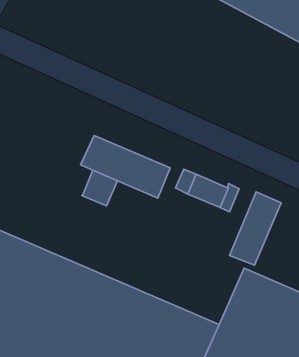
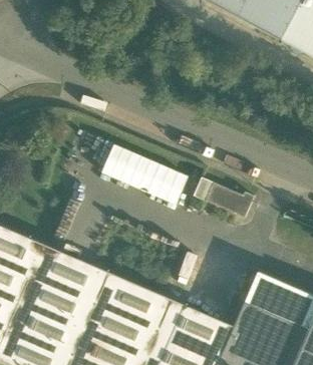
building: [82,170,117,206] -> none
building: [230,192,281,265] -> none

